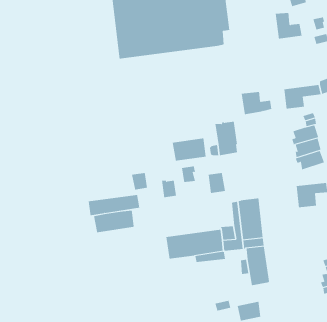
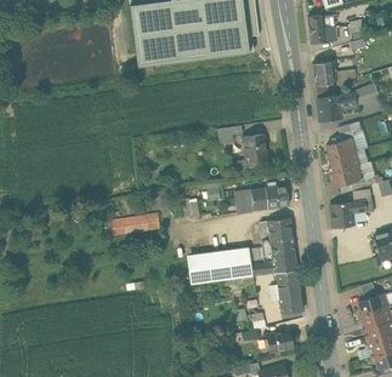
building: [241,91,272,115] -> [312,61,346,86]
building: [172,138,206,161] -> [250,184,288,210]
building: [93,210,135,233] -> none

